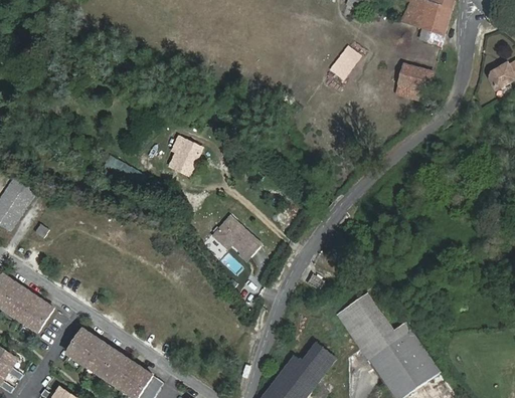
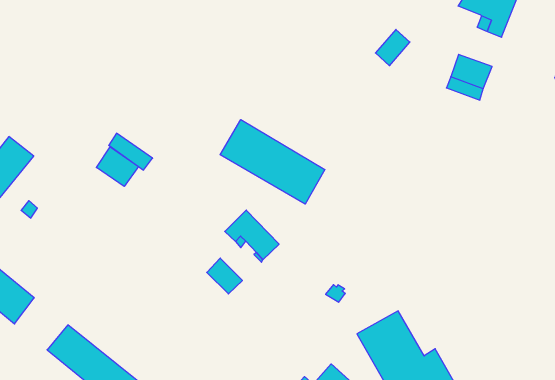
building: none -> [220,120,325,204]
building: [171,137,202,175] -> none
building: none -> [96,147,138,186]
building: none -> [207,258,242,294]

